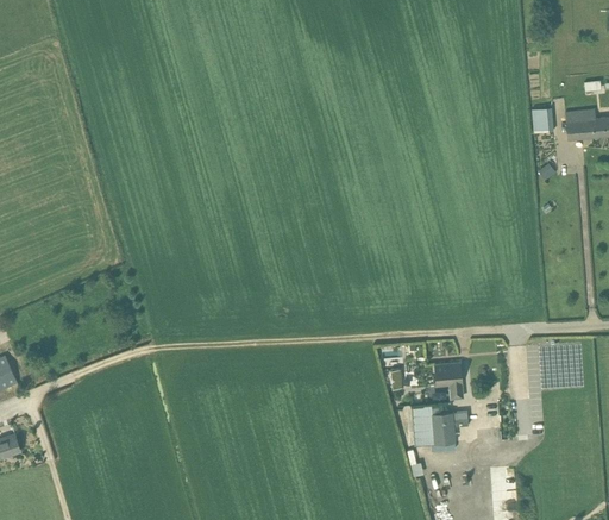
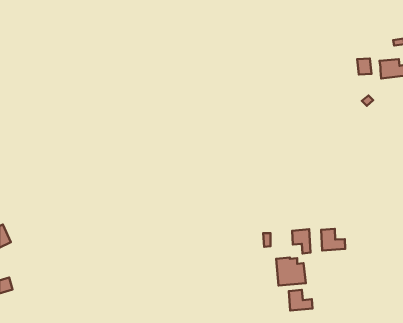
building: none -> [321,229,345,251]
building: none -> [289,290,313,311]

